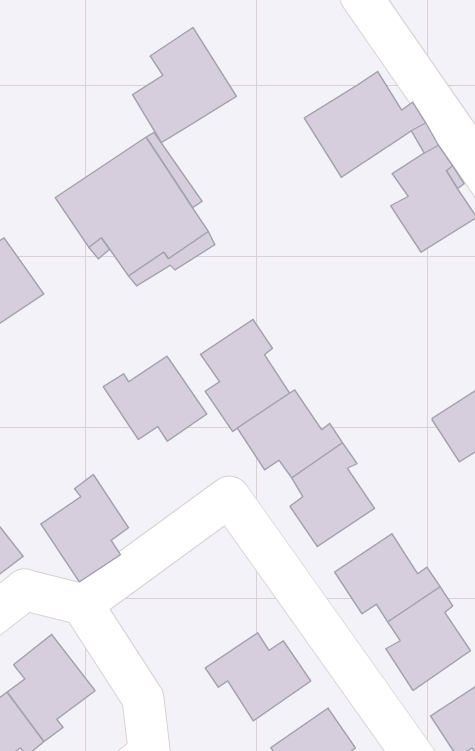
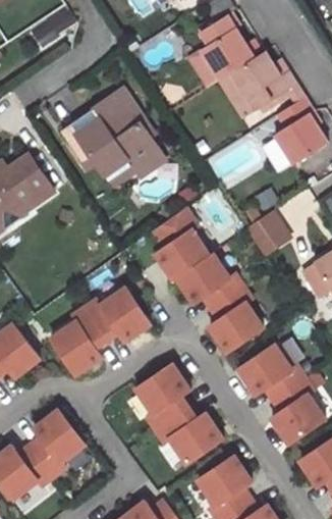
building: [133,28,236,143] -> [187,14,254,88]
building: none -> [245,212,285,252]
building: [103,356,207,441] -> [85,288,151,342]
building: none -> [135,364,189,430]

